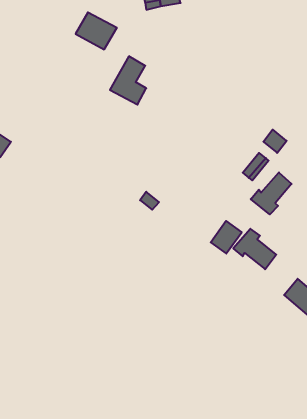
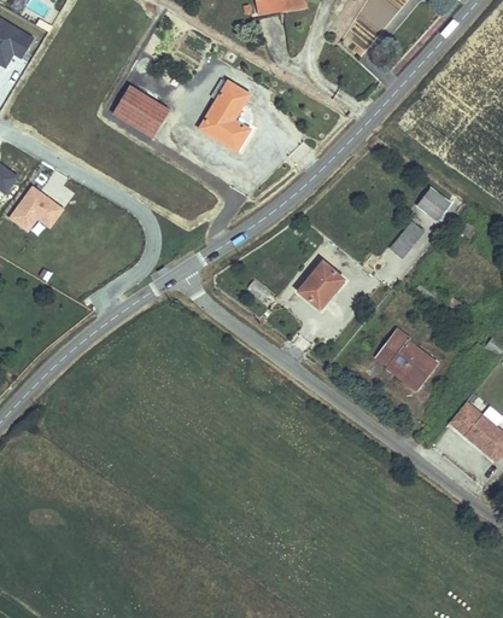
building: [76,12,117,49] -> [112,93,170,145]
building: [251,172,292,214] -> none
building: [211,221,242,254] -> [300,262,344,308]

